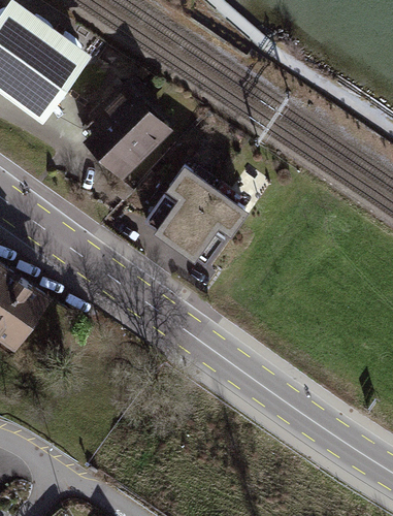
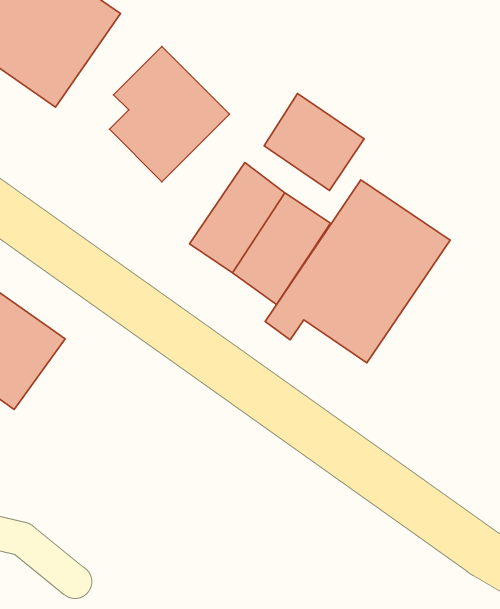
building: none -> [264,93,364,191]
building: none -> [265,180,450,363]

